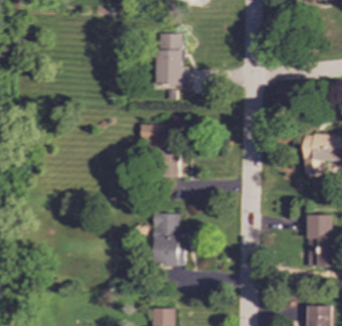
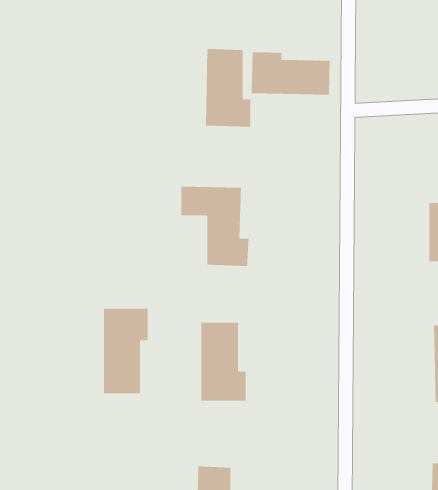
building: none -> [251,52,331,95]
building: none -> [103,308,148,394]

